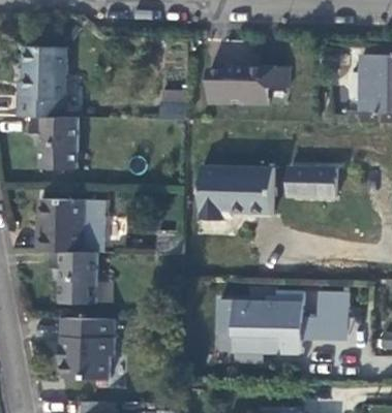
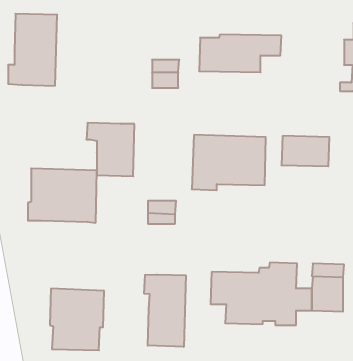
building: [30,116,78,168] -> [86,123,134,176]
building: [50,250,96,303] -> none
building: none -> [144,274,186,347]

